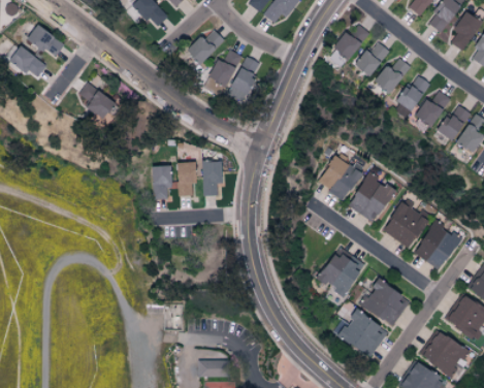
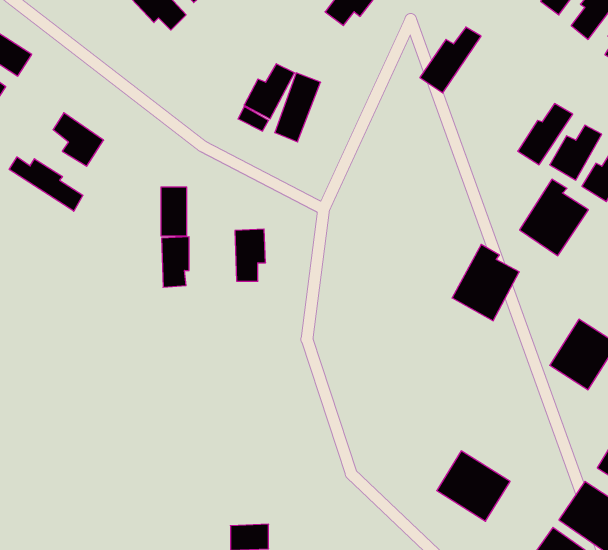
building: [186,30,225,65] -> none
building: [356,40,390,77] -> none
building: [374,58,411,94] -> none
building: none -> [9,157,83,211]
building: [318,156,364,199] -> none
building: [178,163,195,196] -> [161,187,187,236]
building: [384,197,430,249] -> [520,179,588,256]
building: [318,247,365,298] -> none
building: [359,281,410,327] -> none

